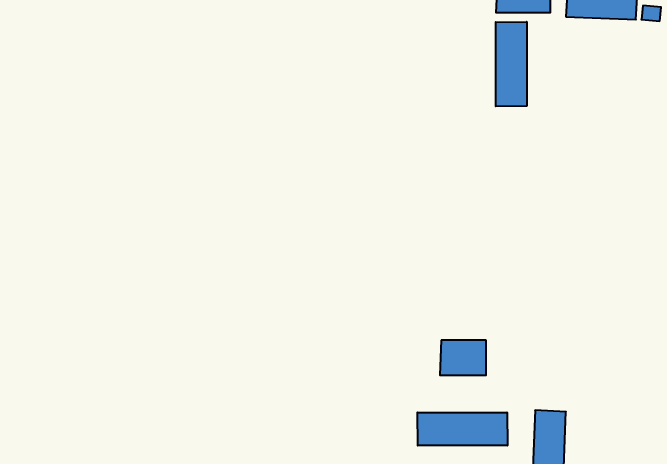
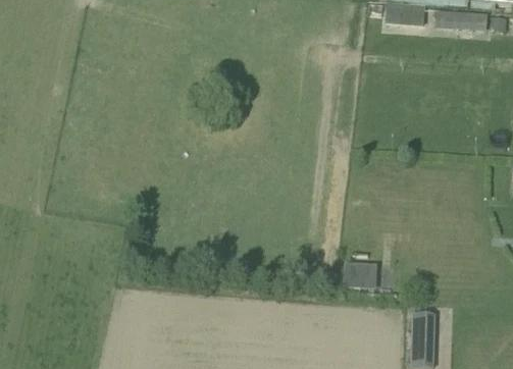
building: [496,22,527,106] -> none
building: [417,412,507,446] -> none

